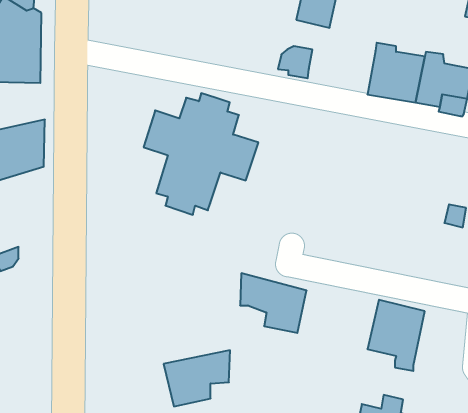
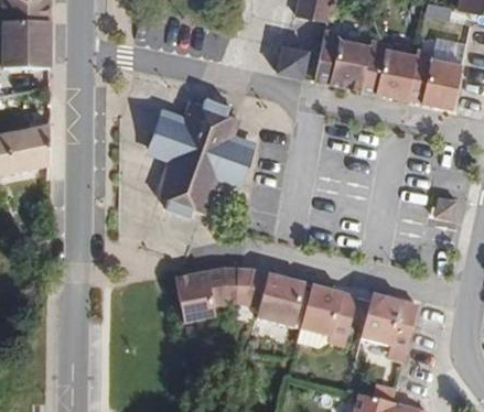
building: none -> [314,29,369,93]
building: none -> [302,283,356,346]
building: [164,350,230,406] -> [176,264,240,318]

